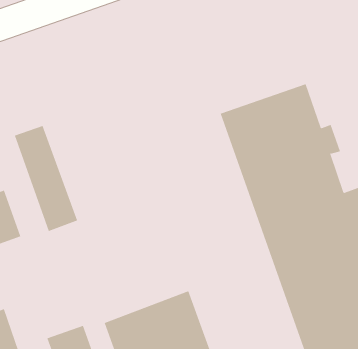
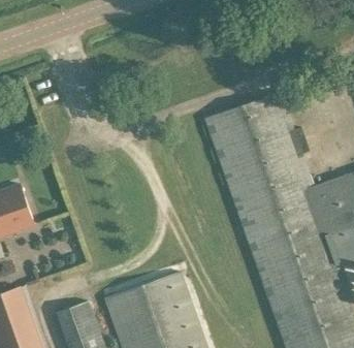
building: [14,125,78,232] -> none

